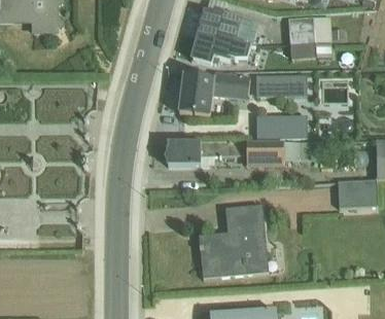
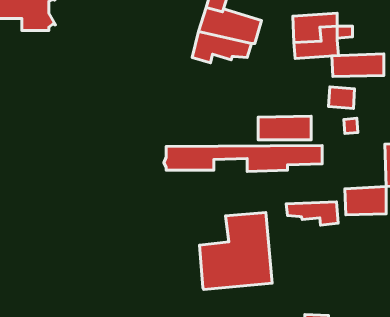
building: [179,70,249,116] -> none
building: [256,74,306,96] -> [332,54,384,76]
building: none -> [286,202,338,225]

